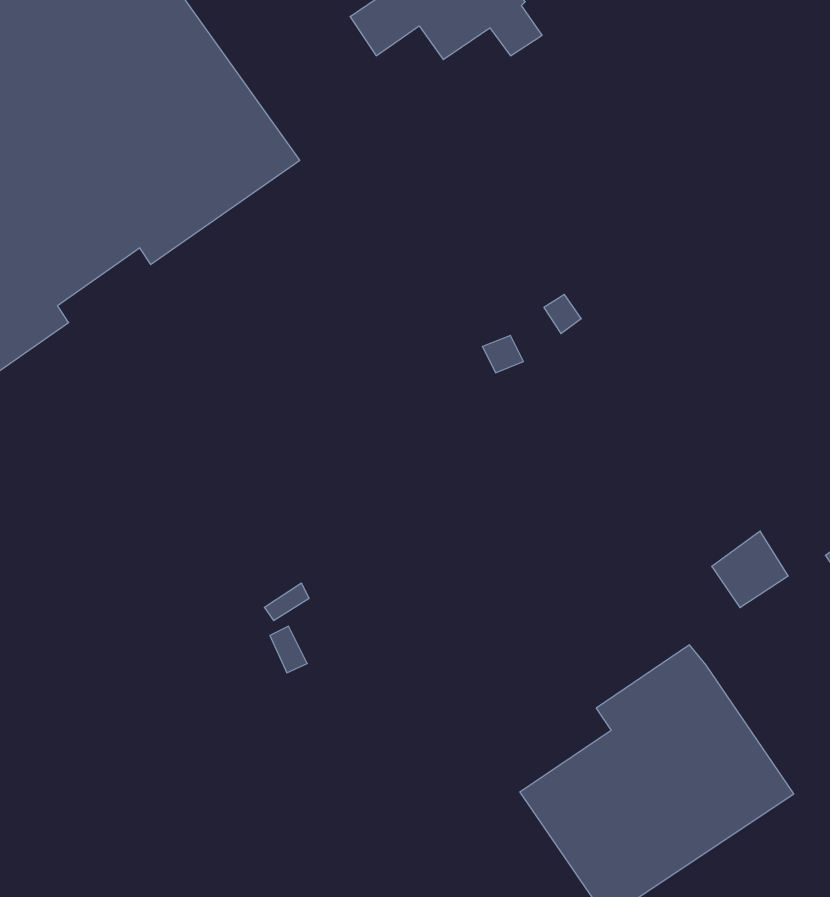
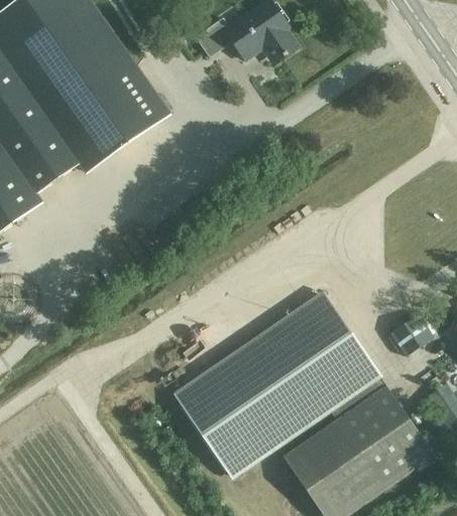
building: none -> [178,293,378,475]

